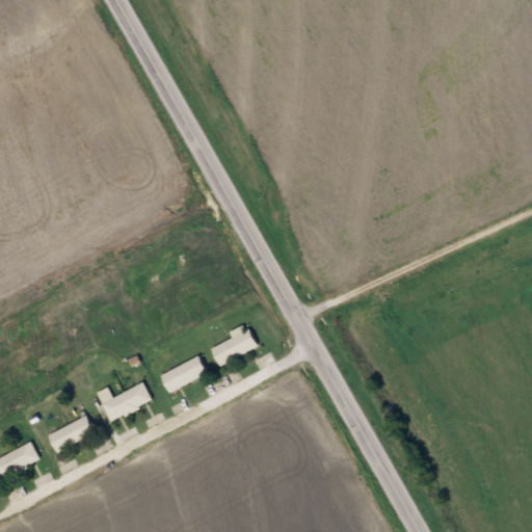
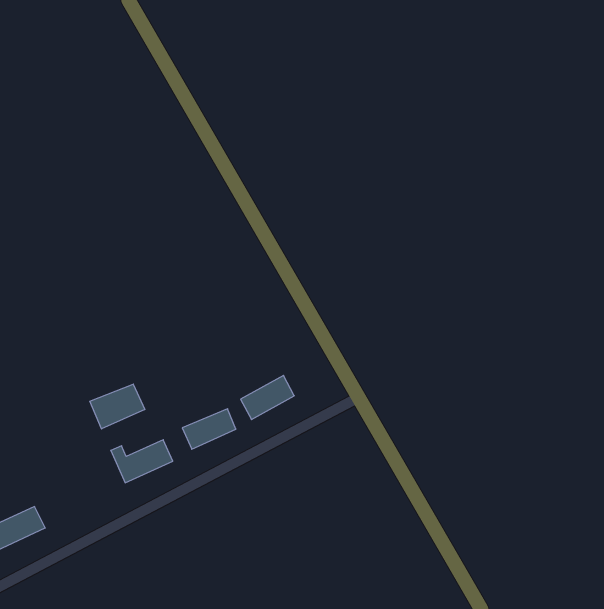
building: none -> [90,384,145,429]
building: [48,416,94,452] -> none

